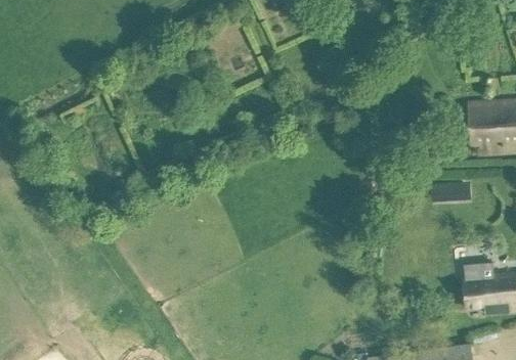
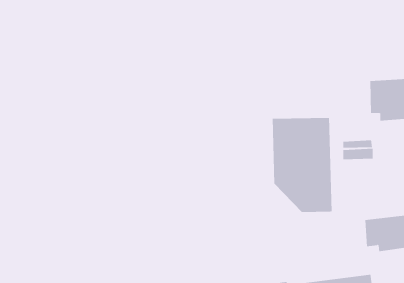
building: none -> [272,117,332,213]

